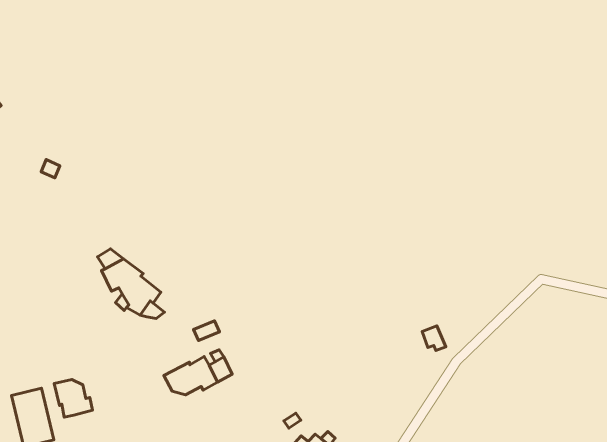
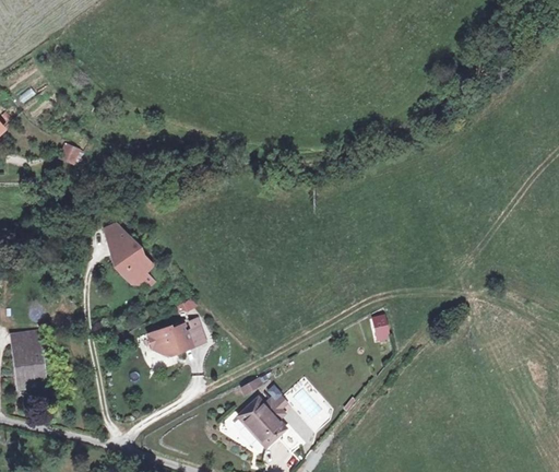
building: [54,379,92,417] -> none

